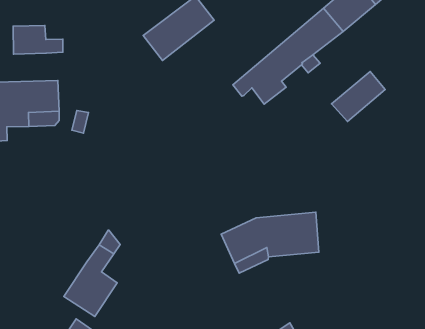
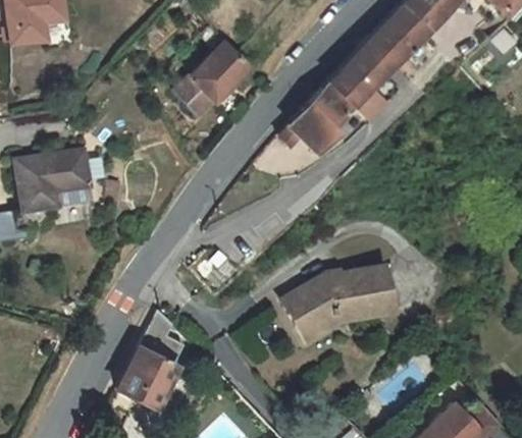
building: [13,25,63,54] -> none
building: [331,71,385,122] -> none

